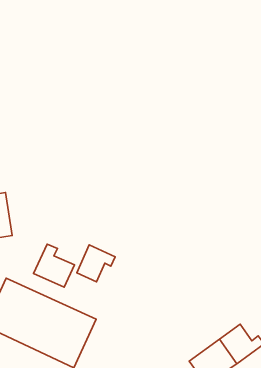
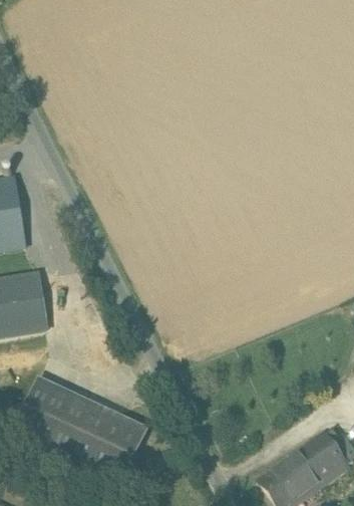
building: [33,244,74,287] -> none
building: [77,245,115,282] -> none

